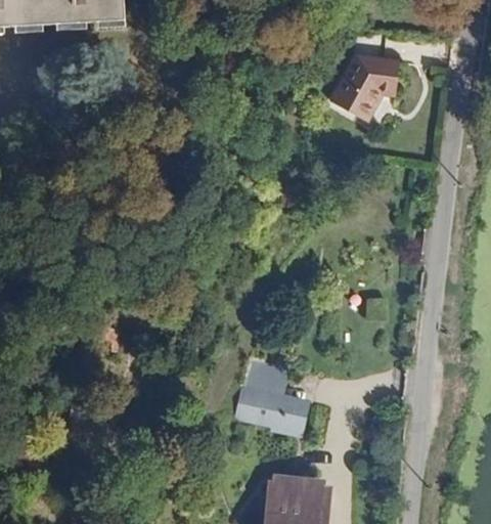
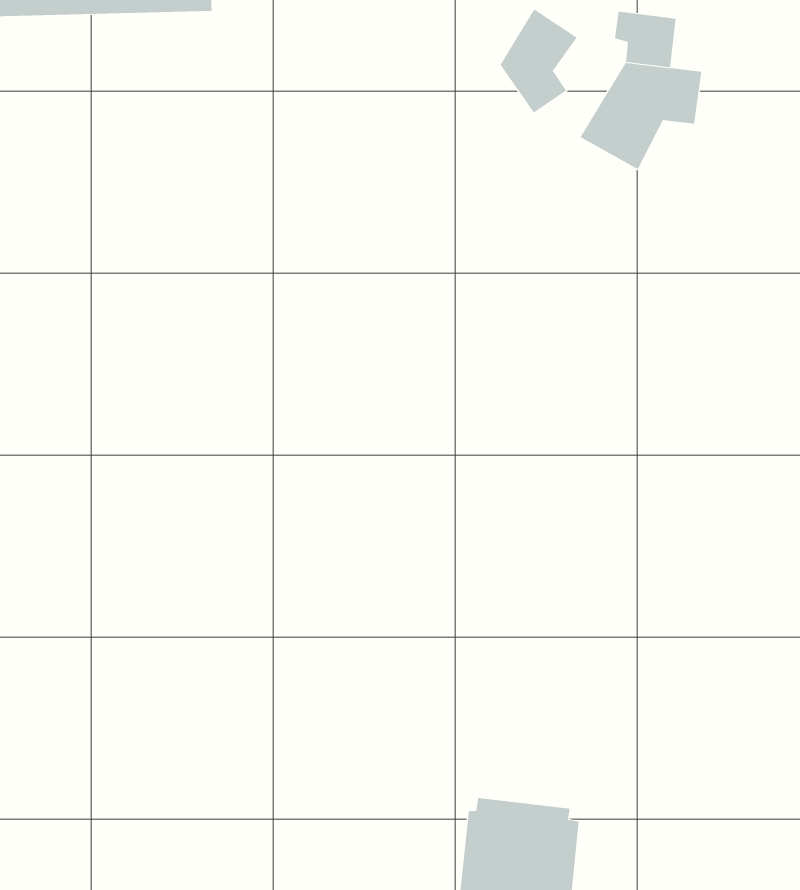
building: none -> [500,9,578,114]
building: [233,359,308,435] -> none

